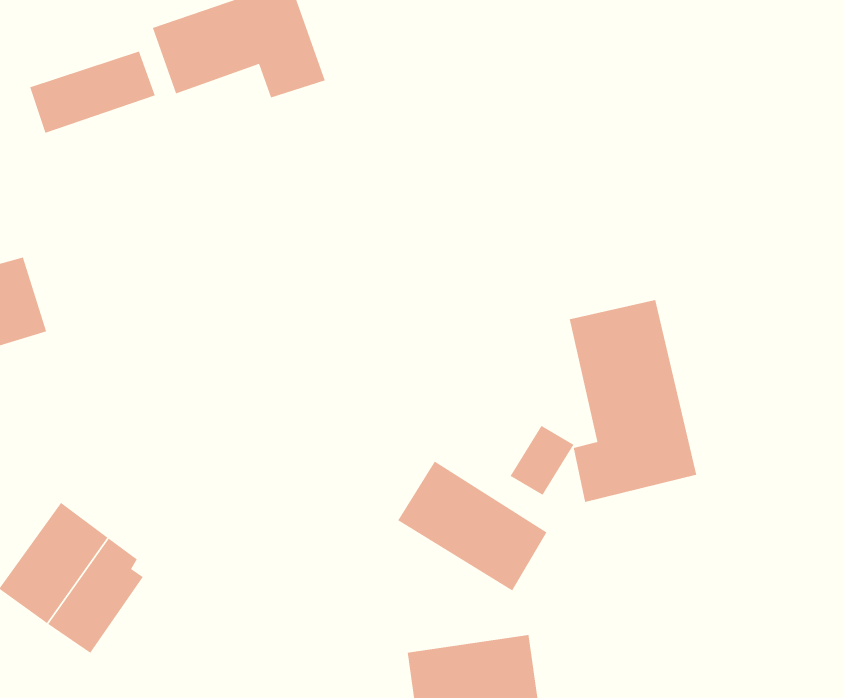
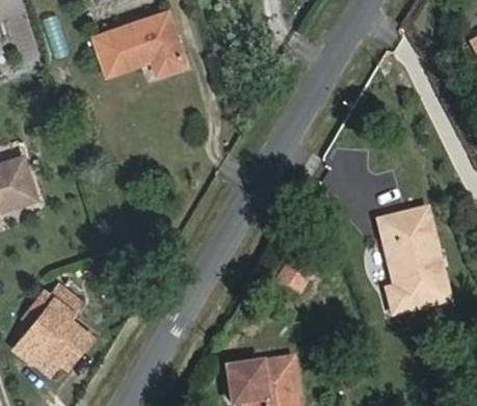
building: [29,50,156,134] -> none
building: [569,299,697,503] -> [378,214,446,321]
building: [397,460,548,591] -> none

